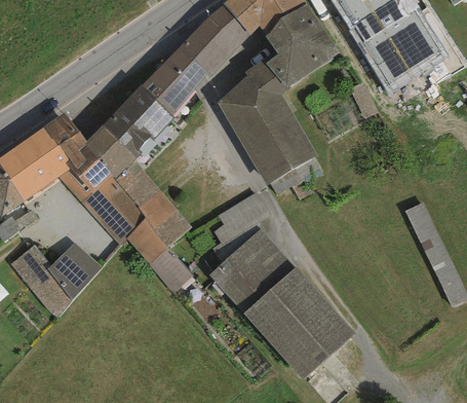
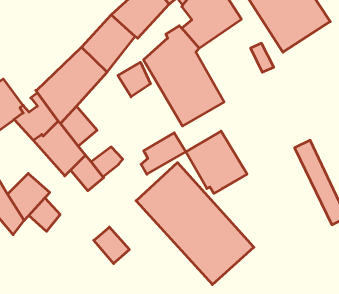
building: none -> [118,62,150,97]
building: [44,110,86,167] -> none
building: [137,189,178,228] -> none
building: none -> [186,131,247,193]
building: [149,248,193,293] -> [94,227,129,264]
building: none -> [29,198,60,231]

